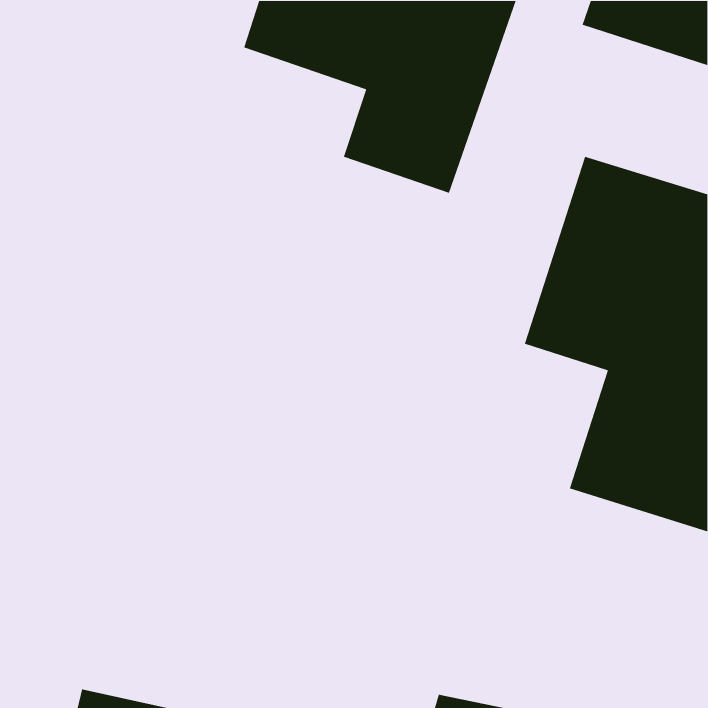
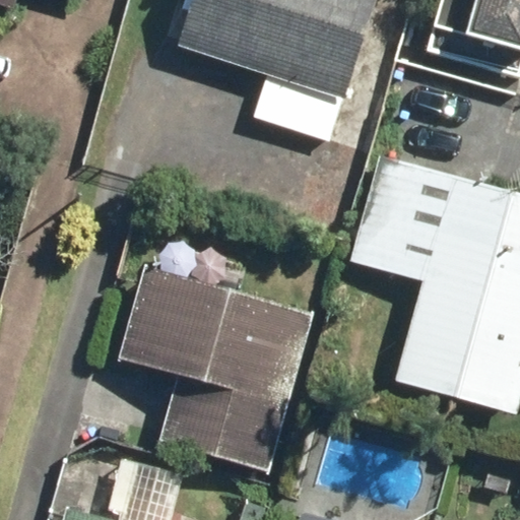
building: none -> [144,278,307,466]

